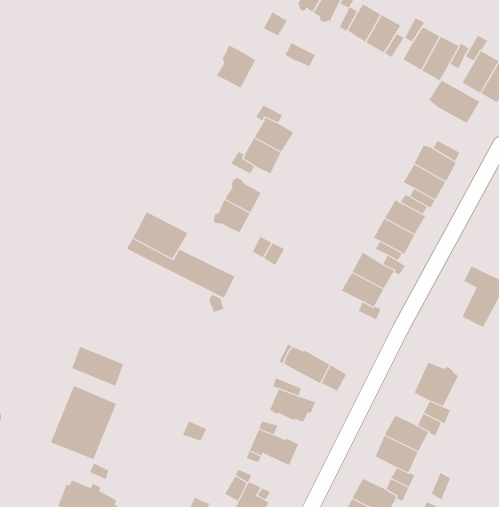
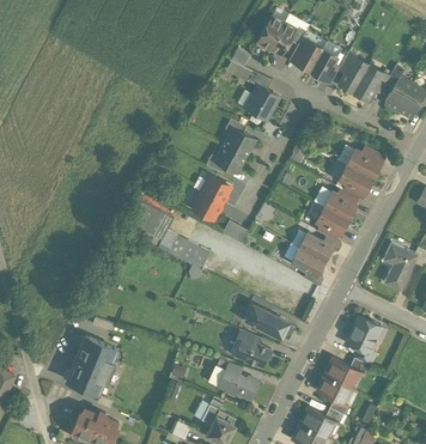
building: [216,45,256,88] -> [247,86,278,120]
building: [428,80,480,124] -> none
building: [72,346,124,386] -> none

